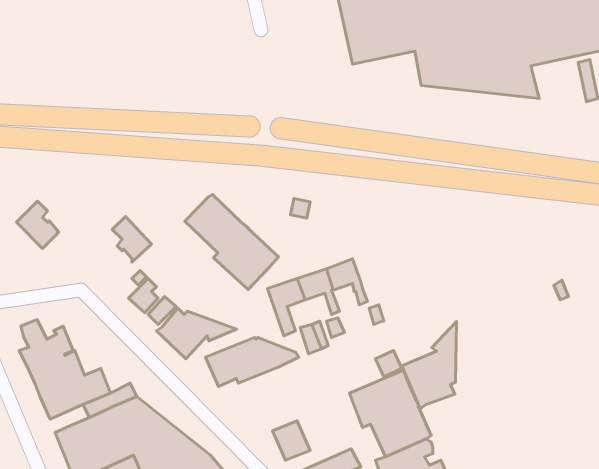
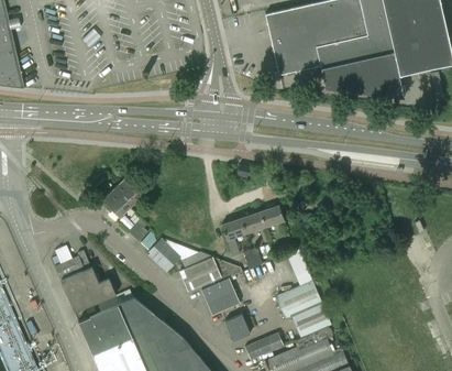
building: [185,195,279,289] -> none
building: [16,201,59,248] -> [102,185,131,217]
building: [402,322,457,409] -> none
building: none -> [200,277,240,315]

